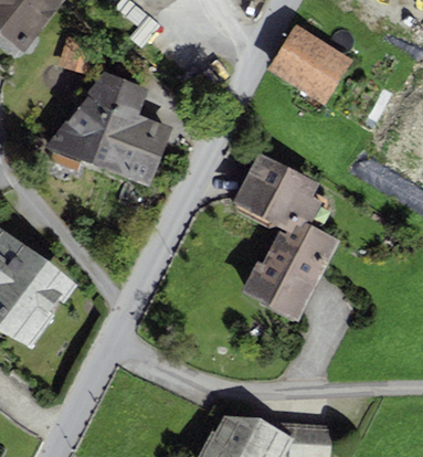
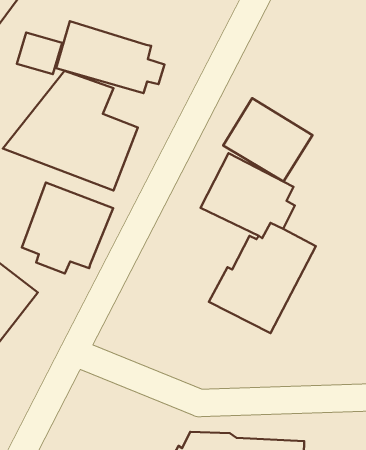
building: [266,24,351,104] -> [223,98,313,182]
building: none -> [56,21,164,93]
building: none -> [22,183,113,274]

